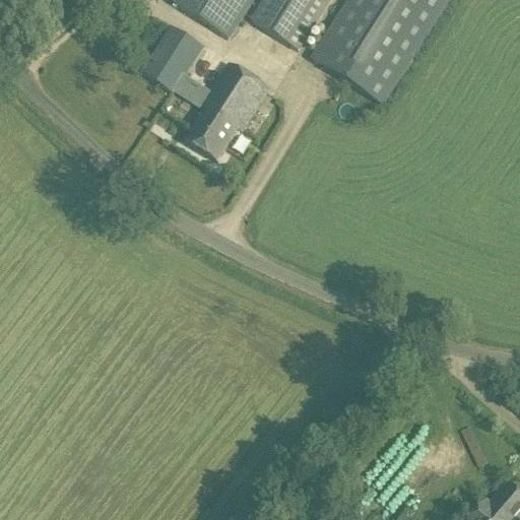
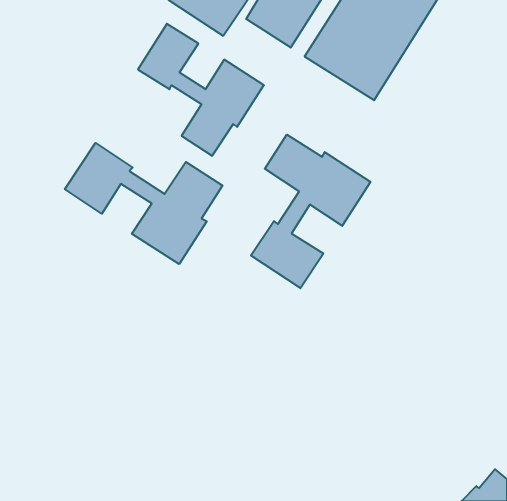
building: none -> [251,135,370,288]
building: none -> [65,143,222,264]

